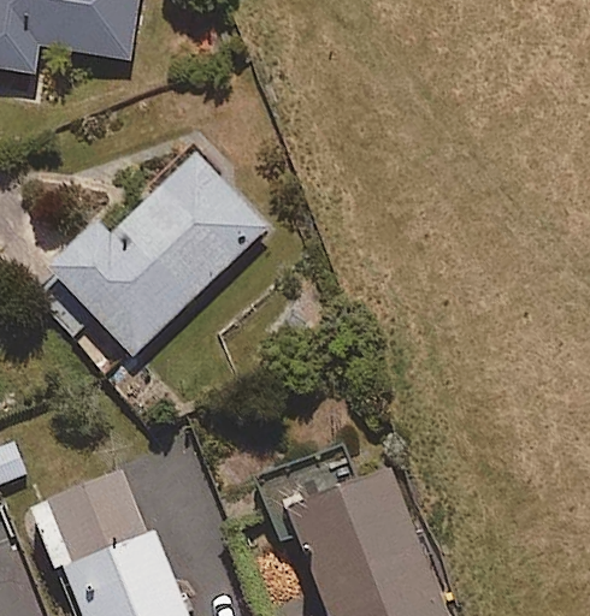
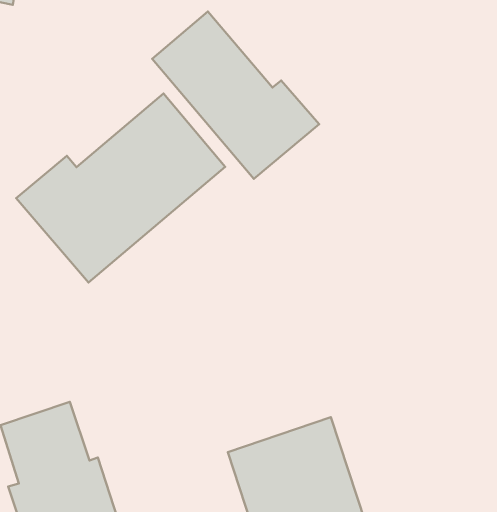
building: none -> [152,11,319,179]

